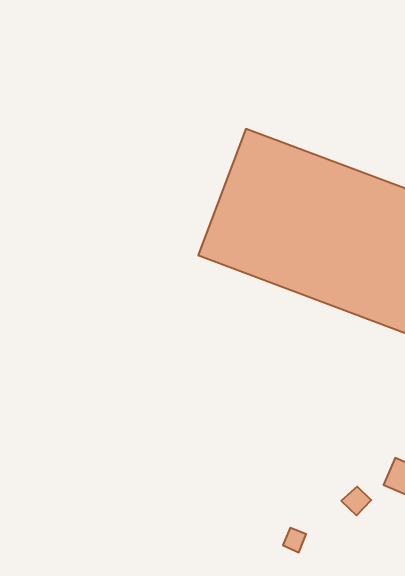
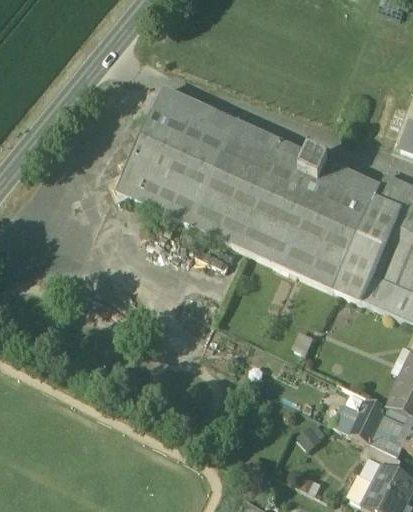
building: none -> [115,86,236,223]

